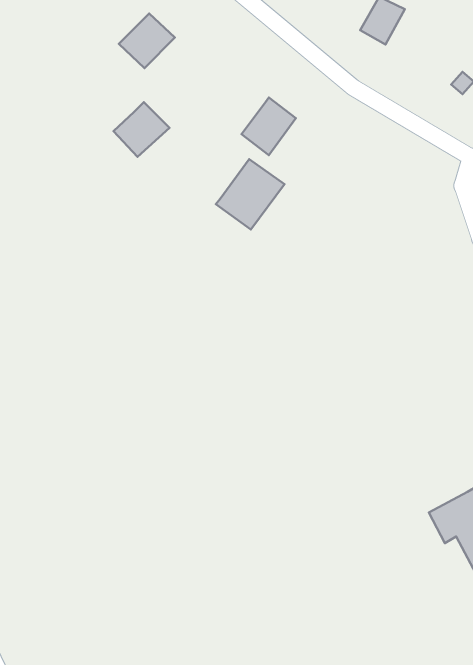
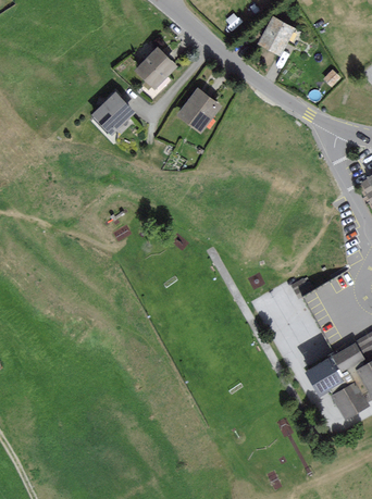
building: [119,14,175,68] -> [136,47,174,84]
building: [216,159,284,229] -> none

